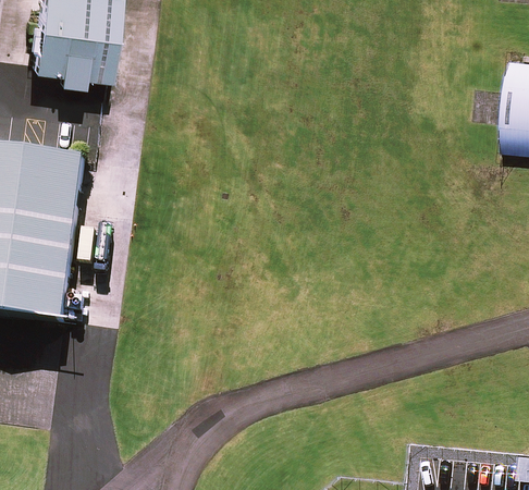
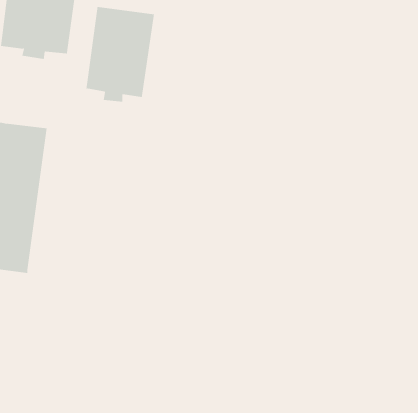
building: none -> [86,6,155,102]

